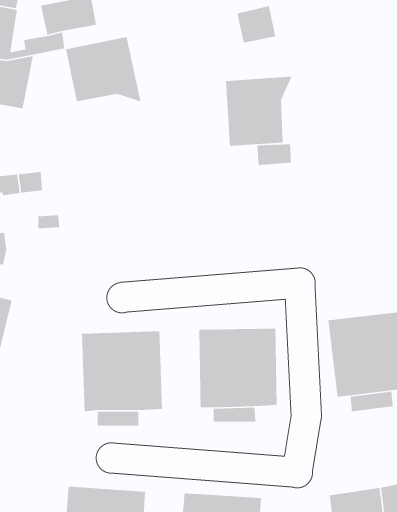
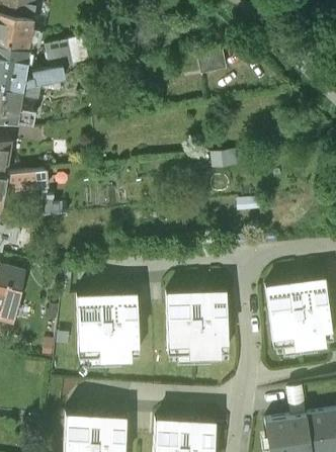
building: [65,36,141,102] -> none
building: [225,76,293,147] -> none

